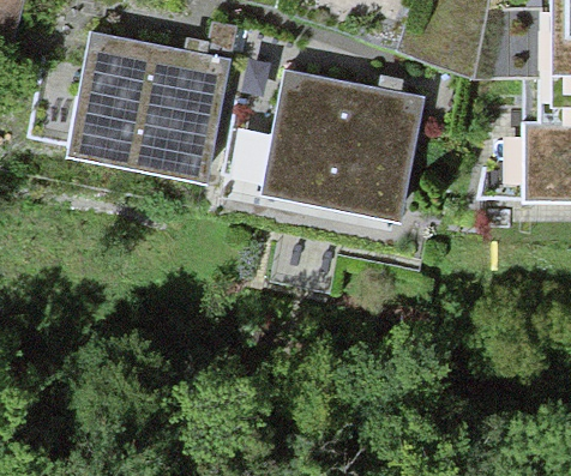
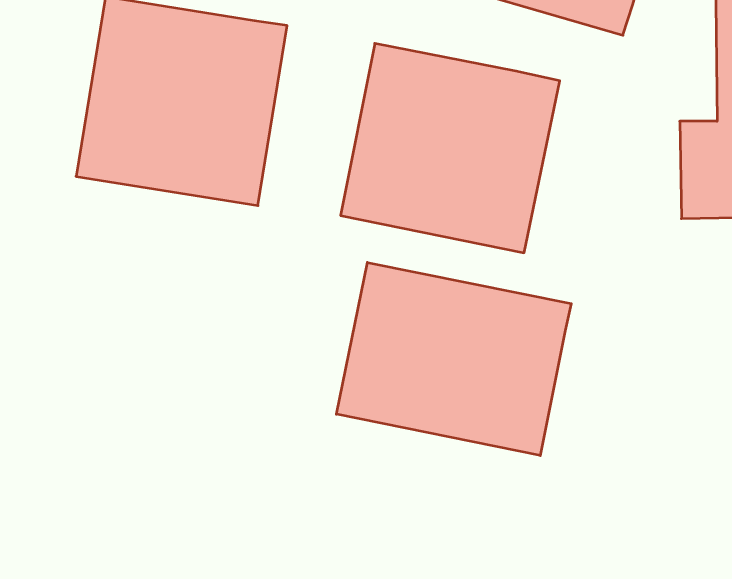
building: none -> [336,262,571,456]

